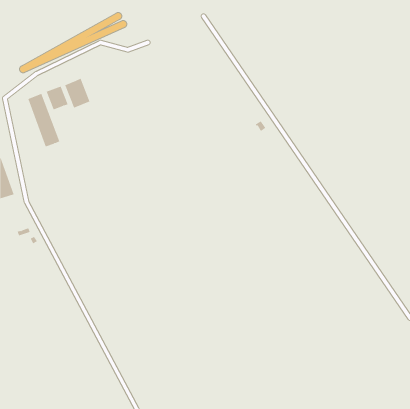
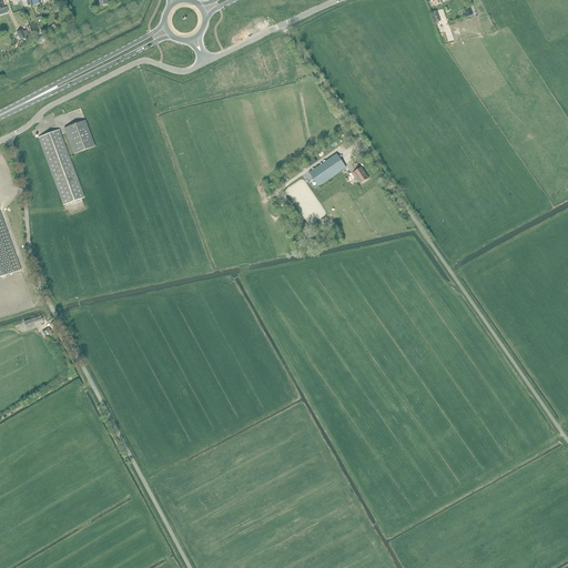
building: [64,78,90,109] -> none
building: none -> [308,152,345,187]

